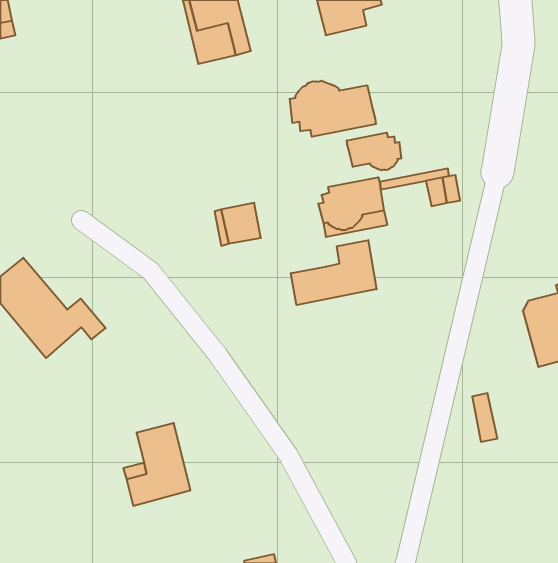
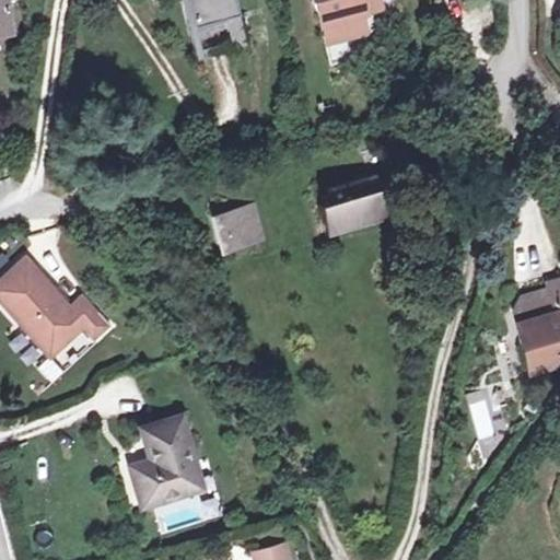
building: [290,81,376,137] -> none
building: [347,133,401,170] -> none
building: [291,240,377,305] -> none

